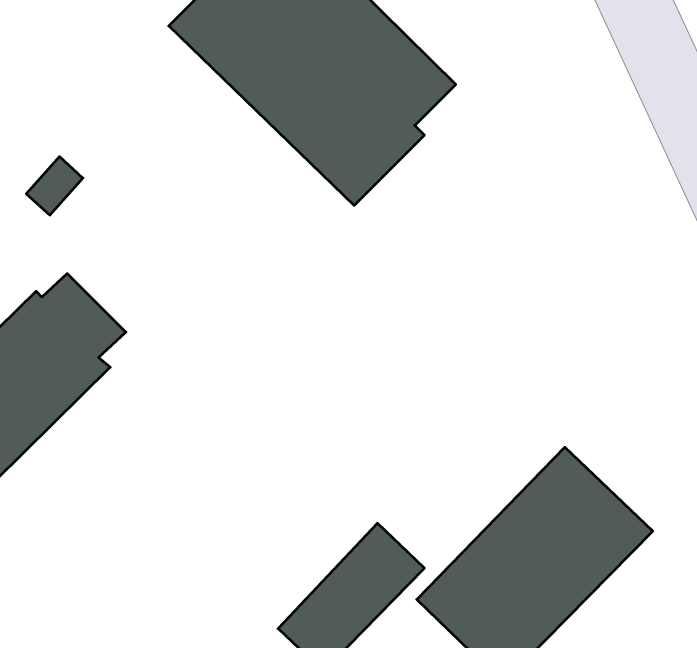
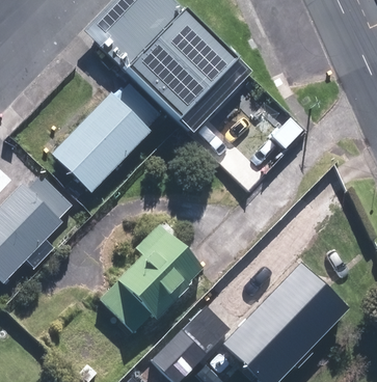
building: none -> [50,90,149,189]
building: none -> [100,219,199,326]

